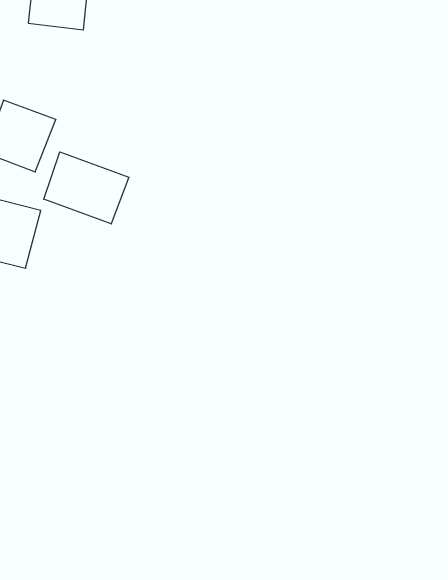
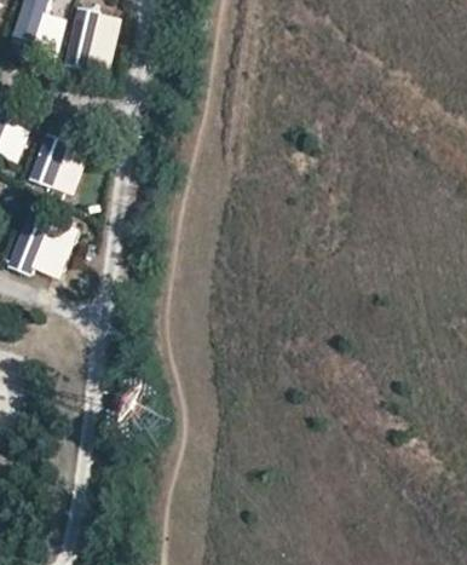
building: [44,152,129,224] -> none

